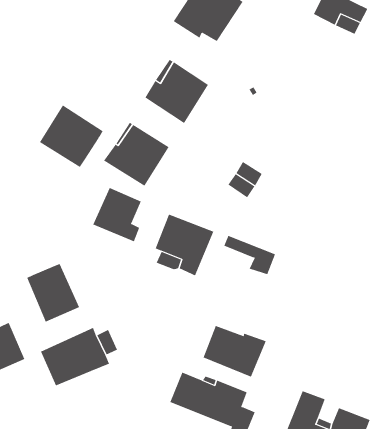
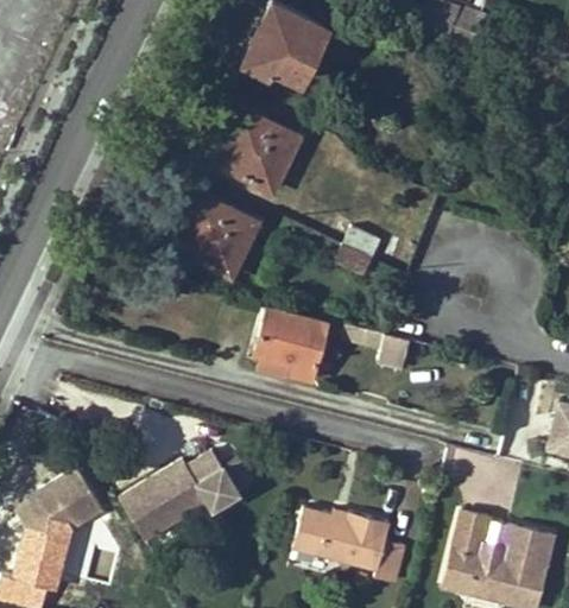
building: [39,105,103,168] -> none
building: [92,187,142,242] -> none
building: [26,263,80,323] -> none
building: [203,325,266,377] -> none

